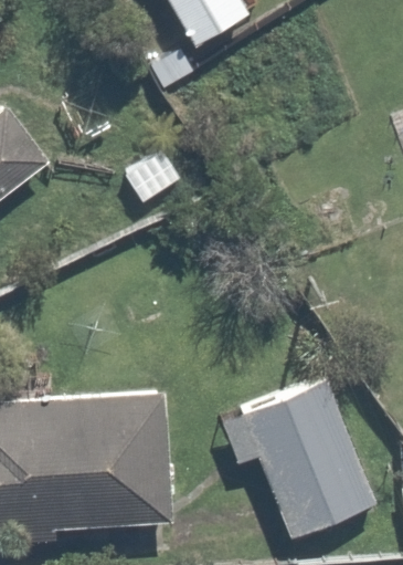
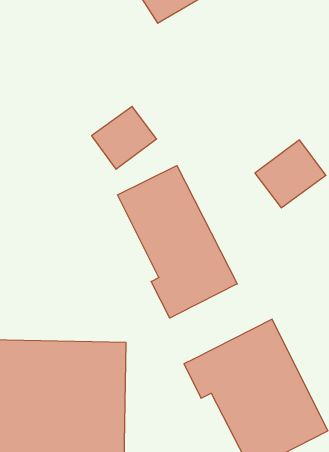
building: none -> [118,166,237,318]

